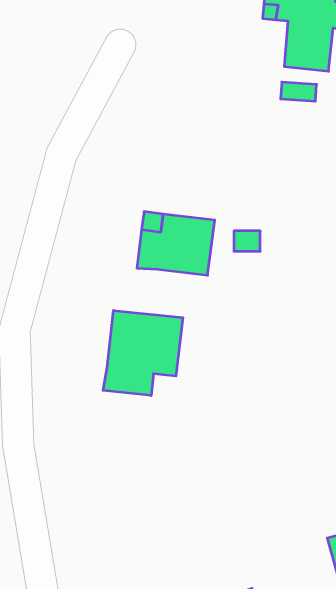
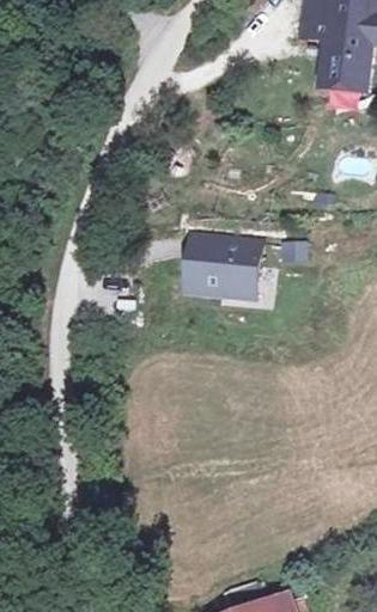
building: [103,310,183,396] -> none

